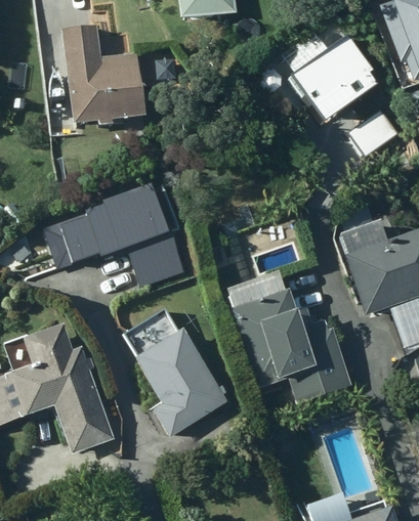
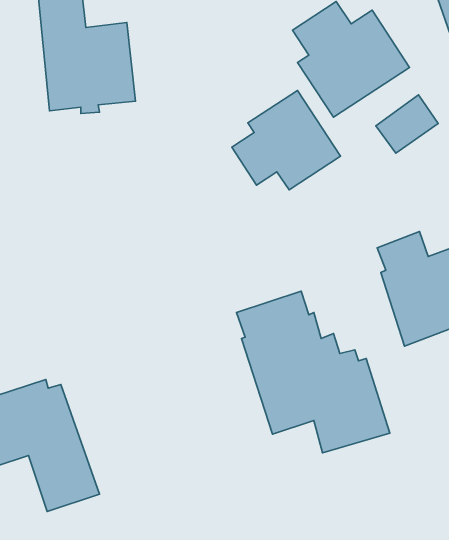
building: none -> [232,91,341,190]
building: [46,184,184,293] -> none
building: [131,322,227,434] -> none

